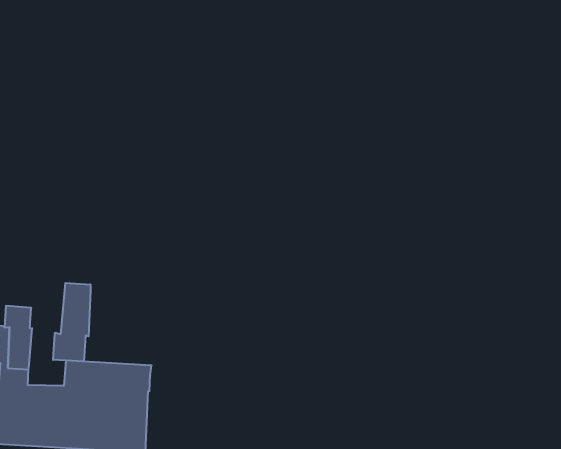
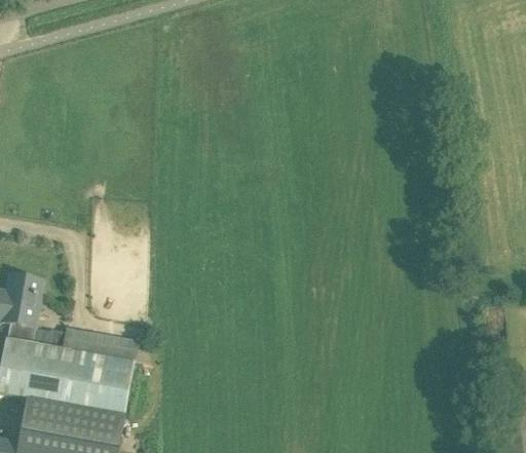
building: [53,283,90,361] -> none

